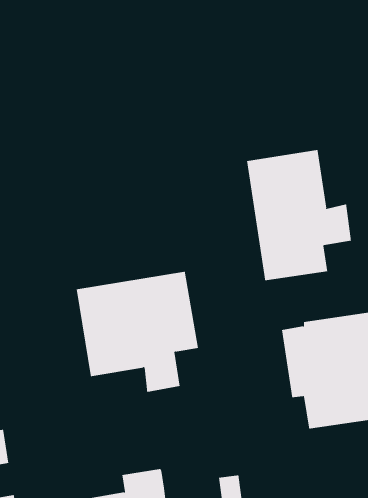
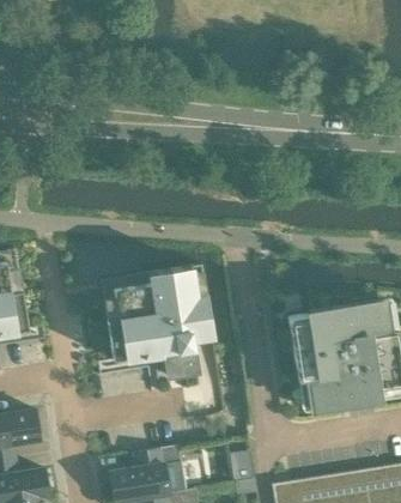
building: [246,149,352,281] -> none

